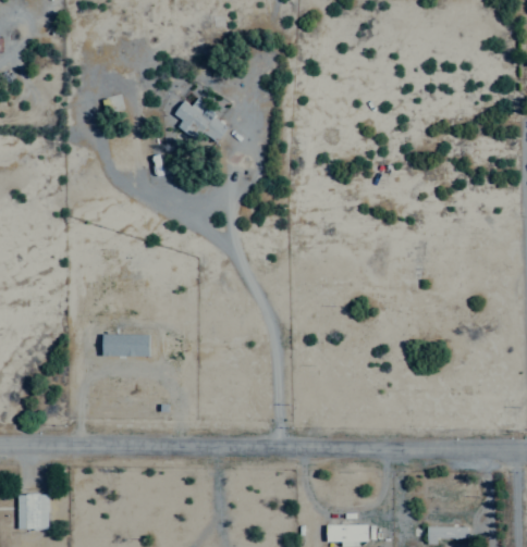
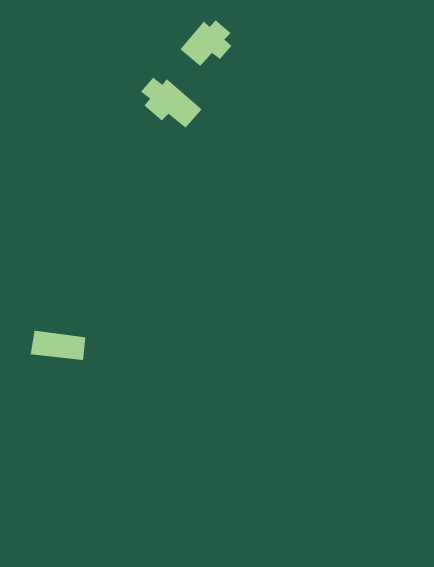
building: none -> [179,20,232,67]

